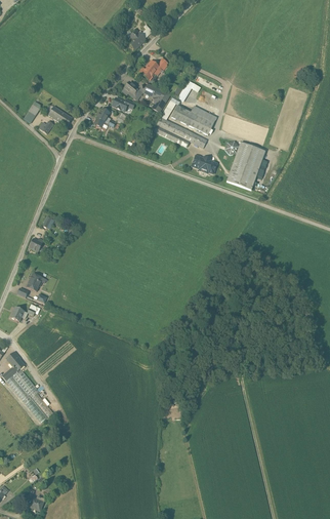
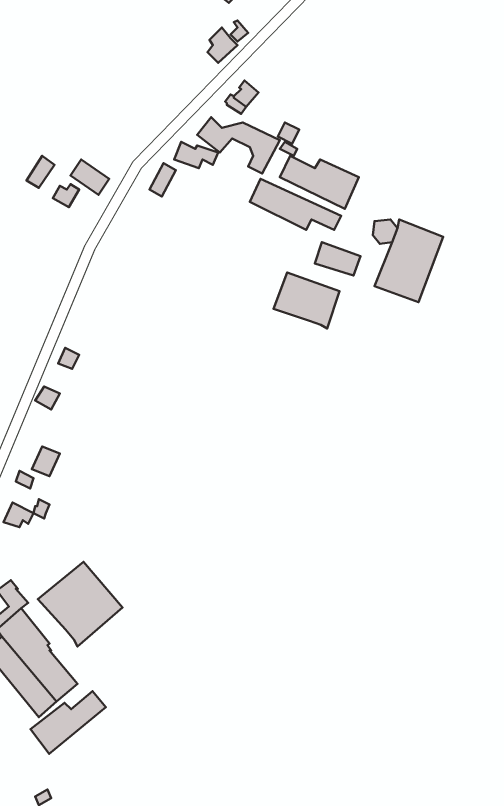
building: none -> [274,273,340,328]
building: none -> [38,562,122,647]
building: none -> [31,691,106,754]

